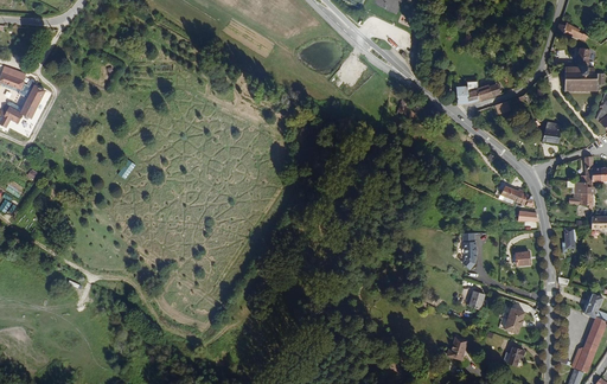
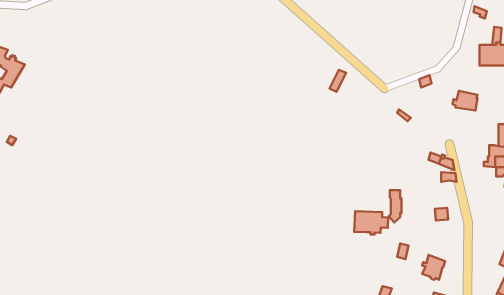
building: [452,79,499,103] -> none
building: none -> [354,211,388,235]

